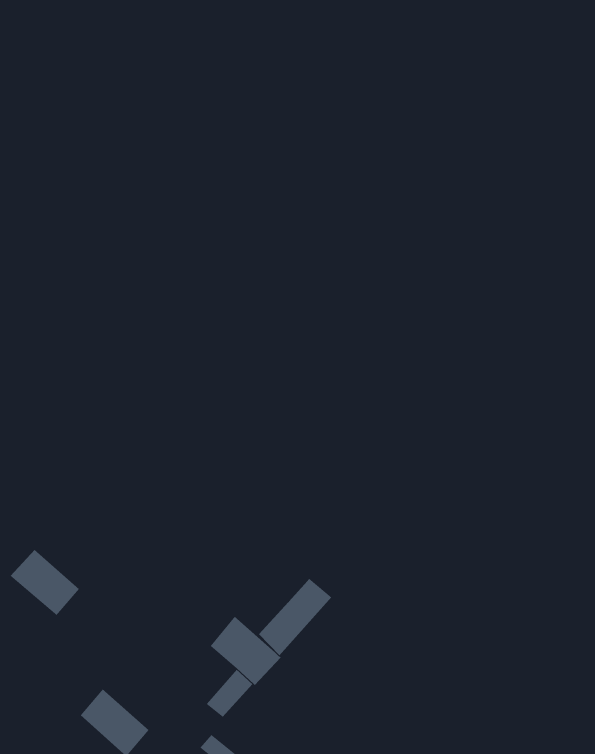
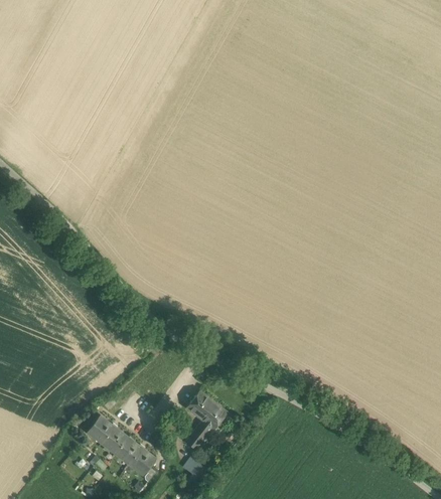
building: [10,549,80,616] -> [88,417,128,454]
building: [258,578,332,656] -> none

